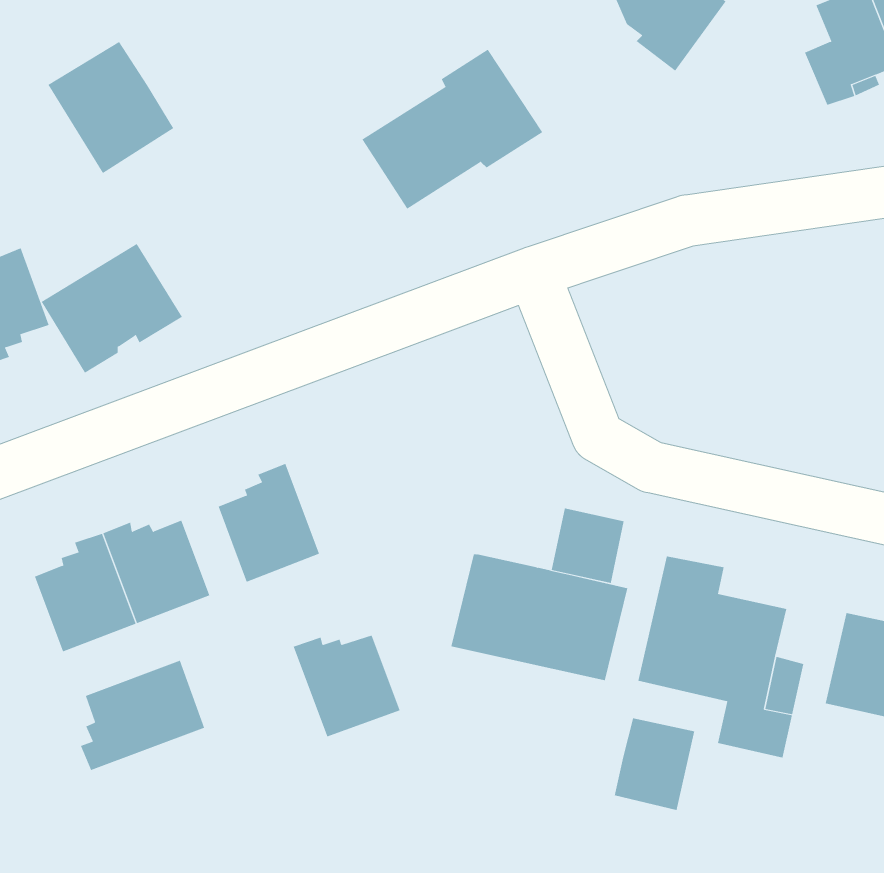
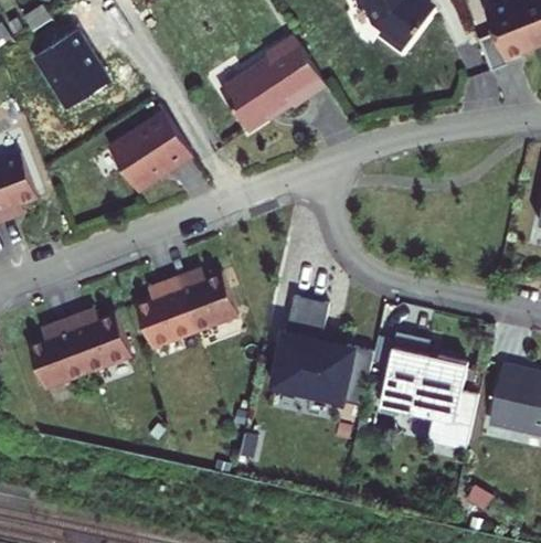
building: [41,243,183,374] -> [107,113,190,189]
building: [551,508,625,584] -> [286,295,329,339]
building: [293,635,401,737] -> [174,272,237,331]
building: [80,660,205,771] -> none
building: [614,717,695,811] -> none

